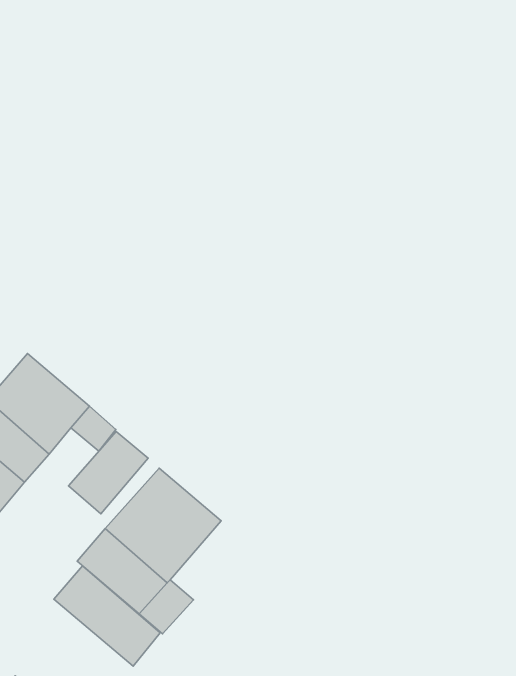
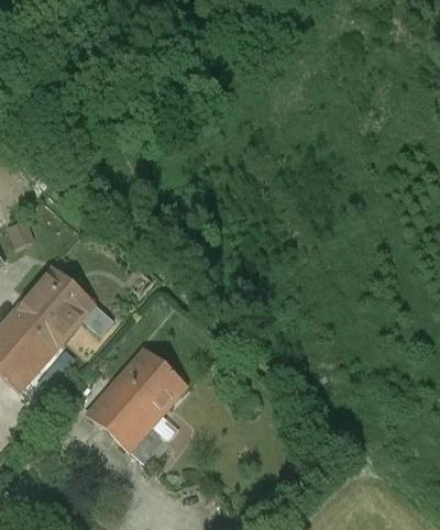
building: [69,432,148,514] -> none
building: [54,566,160,666] -> none

